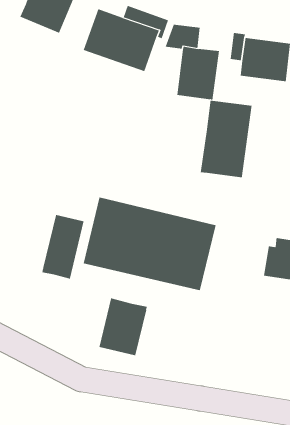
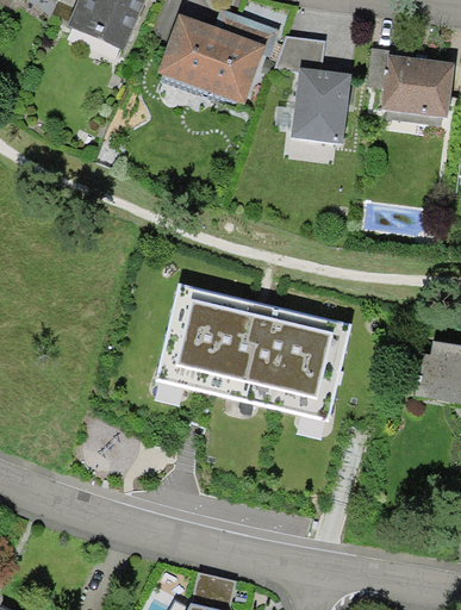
building: [200,100,252,178] -> none
building: [42,214,84,279] -> none
building: [99,298,147,356] -> none

